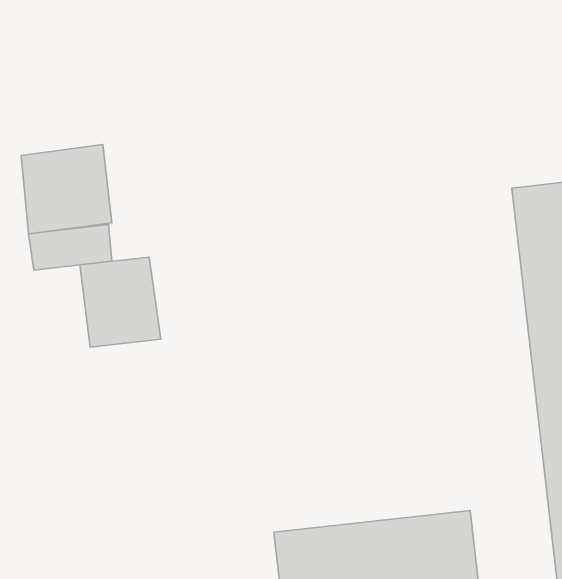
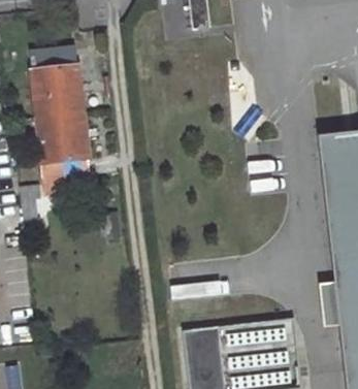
building: none -> [30,43,84,115]
building: [80,257,161,347] -> none

